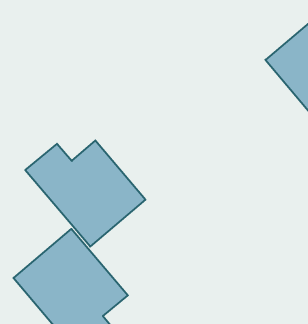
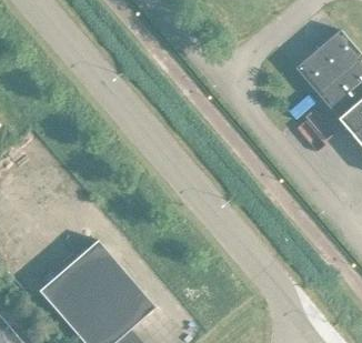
building: [25,140,145,247] -> none

